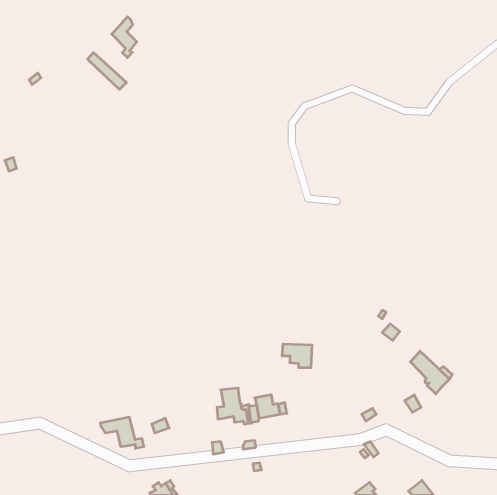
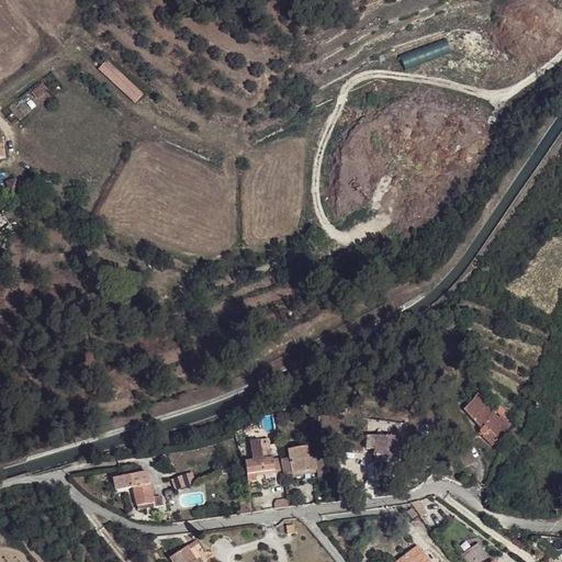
building: [112,17,137,58] -> none
building: [282,344,312,367] -> [366,435,400,461]

